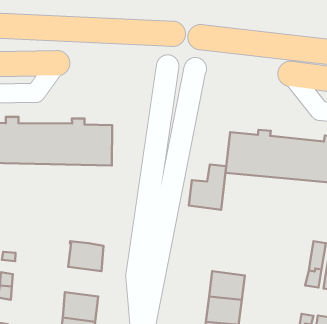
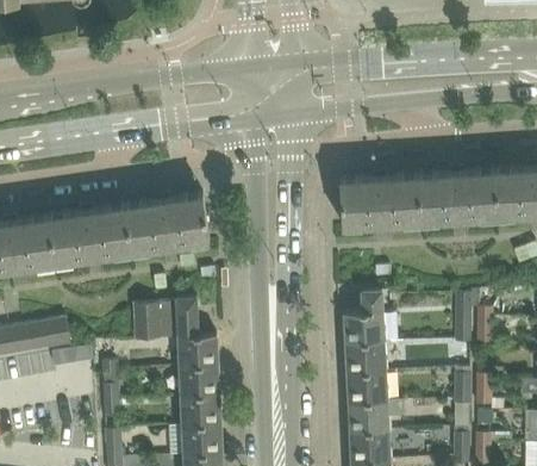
building: [189,165,226,210] -> [344,292,383,344]
building: none -> [132,299,198,341]
building: none -> [179,366,219,397]

